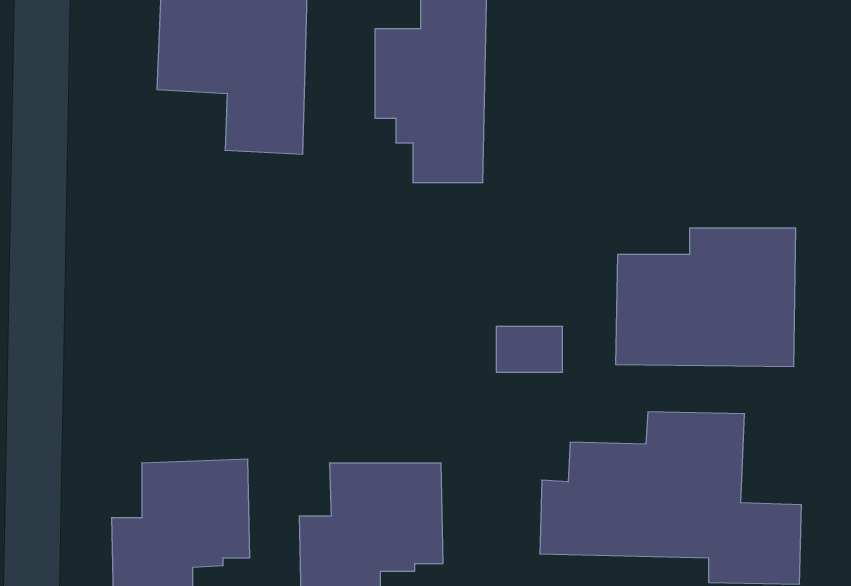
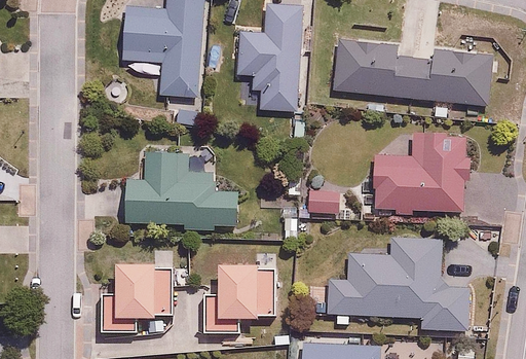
building: none -> [332,40,492,104]
building: none -> [124,149,237,231]

